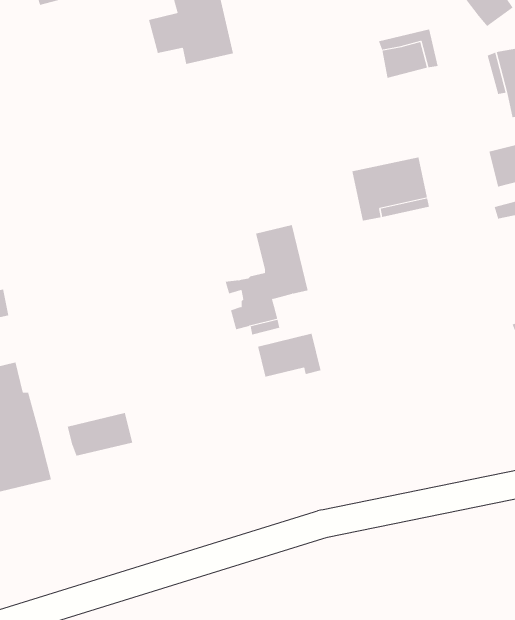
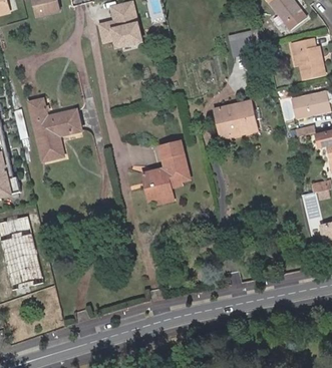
building: none -> [29,97,80,158]
building: [258,333,321,377] -> none
building: [67,412,133,456] -> none

